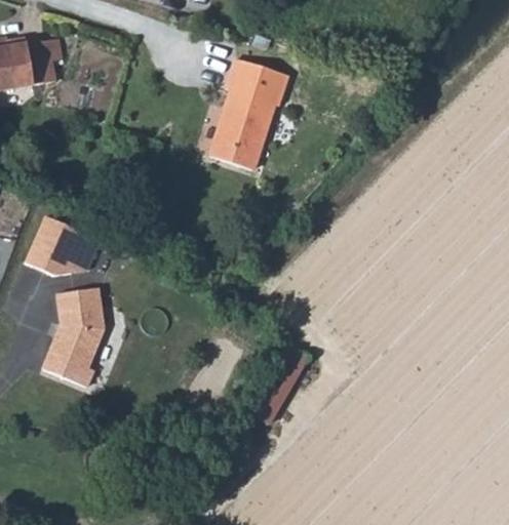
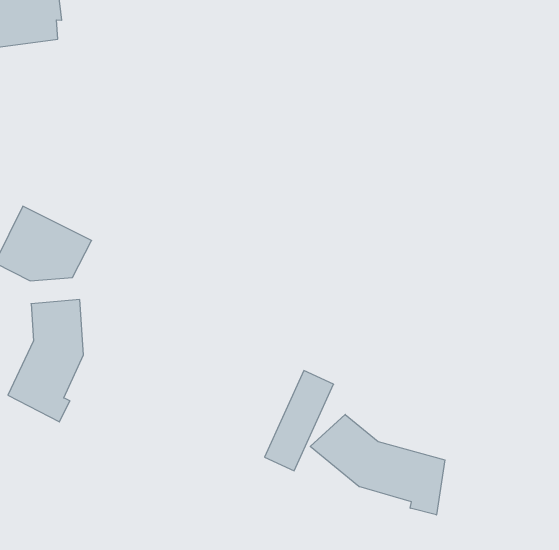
building: [208,58,286,169] -> none
building: none -> [310,414,445,515]

